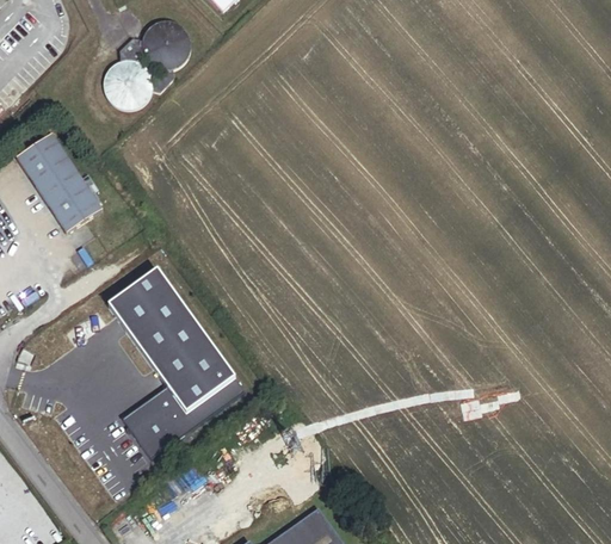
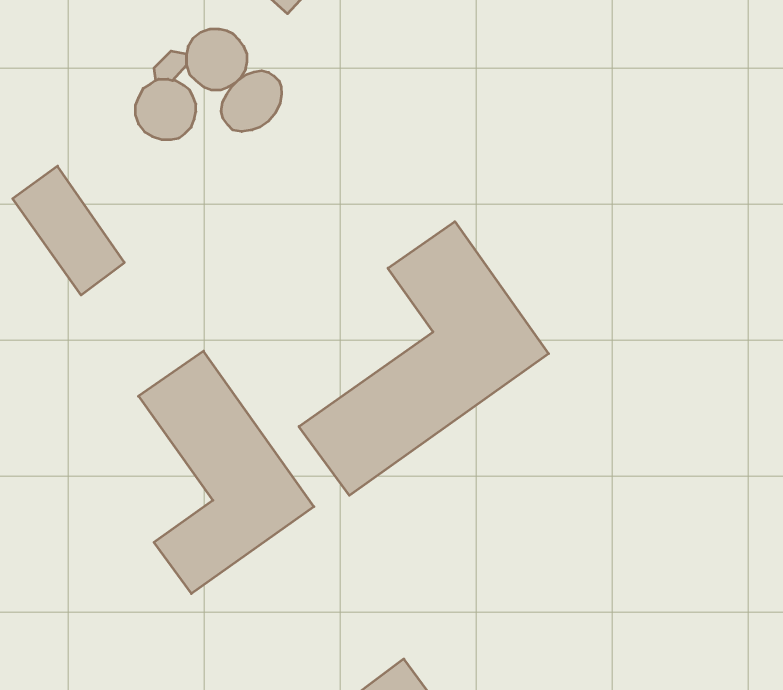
building: none -> [221,71,282,132]
building: none -> [299,222,549,495]

